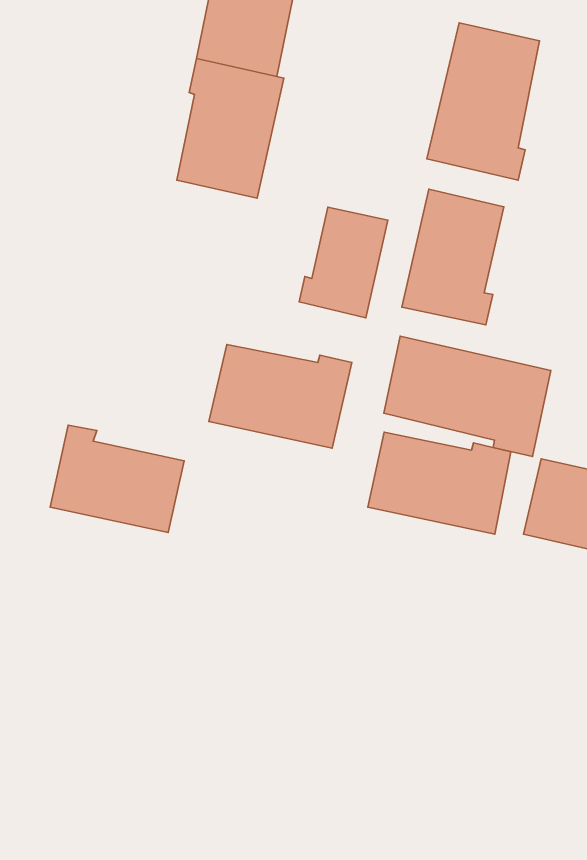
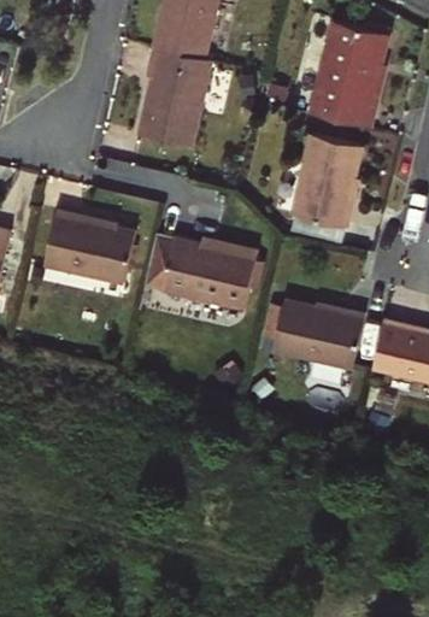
building: [299,207,388,318] -> none
building: [384,336,551,456] -> none
building: [50,425,184,532] -> [31,207,122,280]

